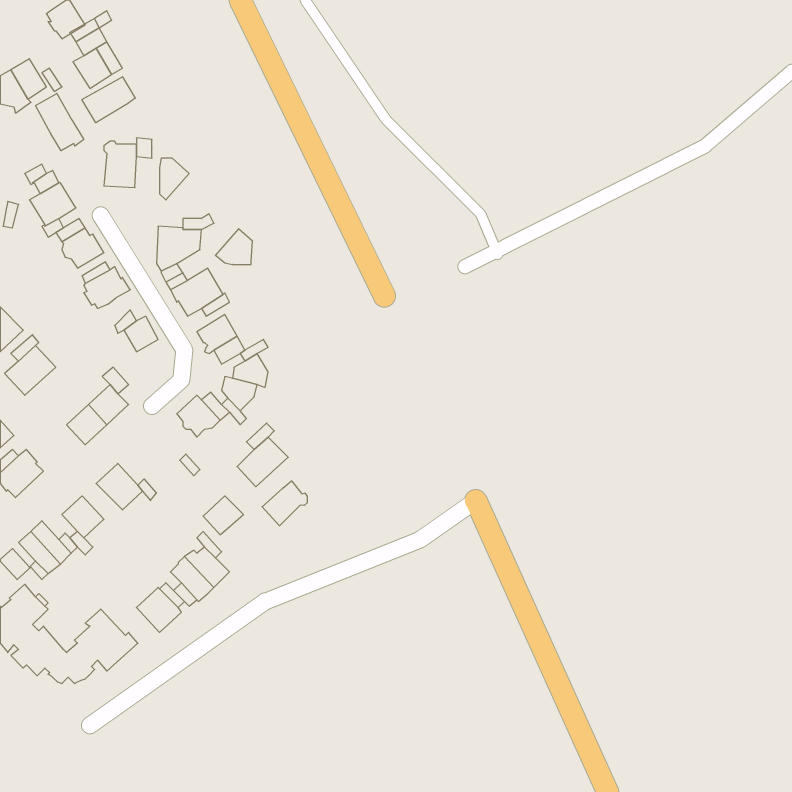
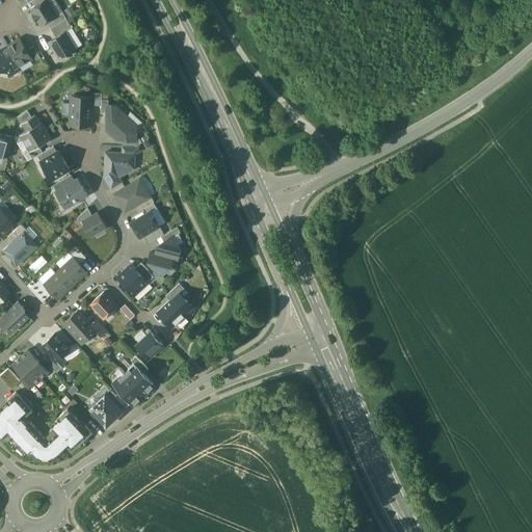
building: [82,77,135,123] -> none
building: [36,93,84,151] -> none
building: [215,229,253,264] -> [111,116,136,140]
building: none -> [90,291,117,319]
building: [262,481,307,526] -> none

